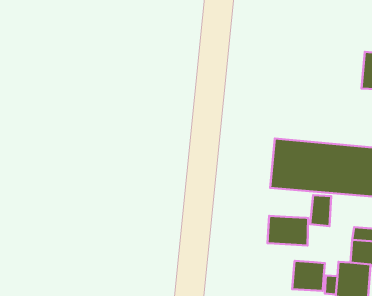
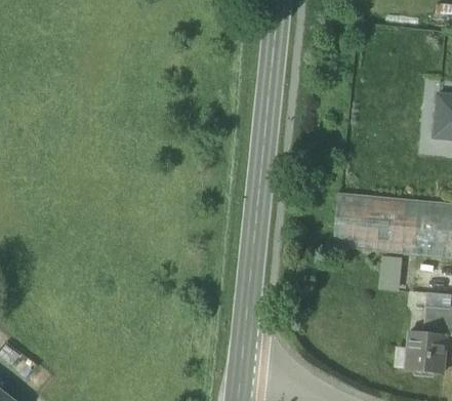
building: [268,216,308,246] -> none
building: [292,261,325,291] -> none

